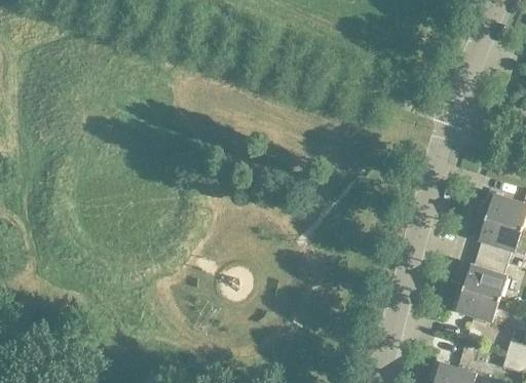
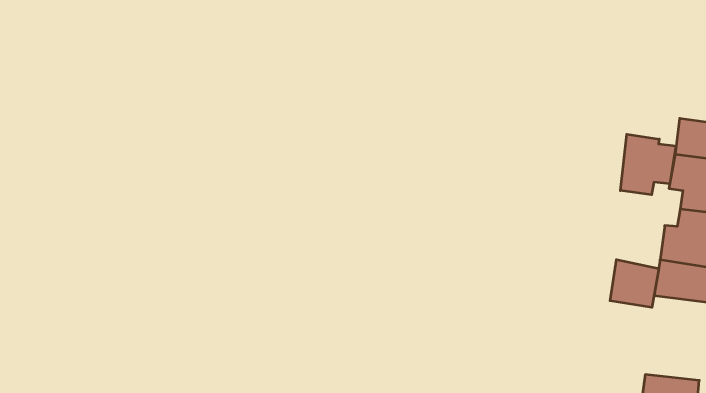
building: none -> [620,134,676,195]
building: none -> [610,260,659,307]

